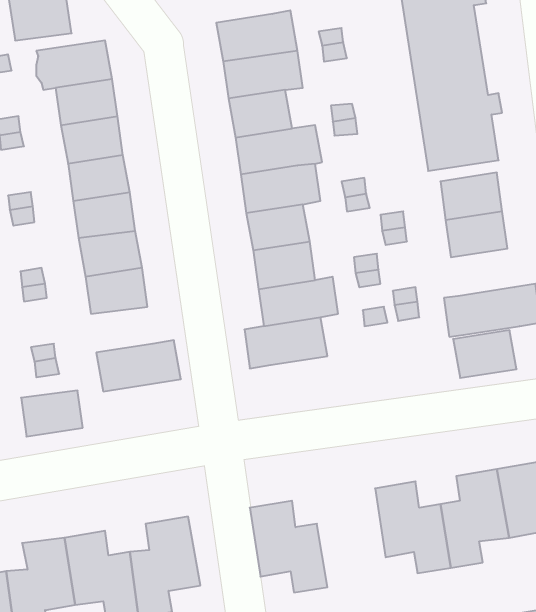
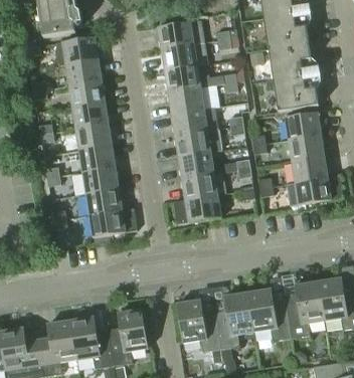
building: [453,330,517,378] -> [292,155,328,182]
building: [21,391,83,437] -> [86,188,122,214]
building: none -> [215,292,254,357]

